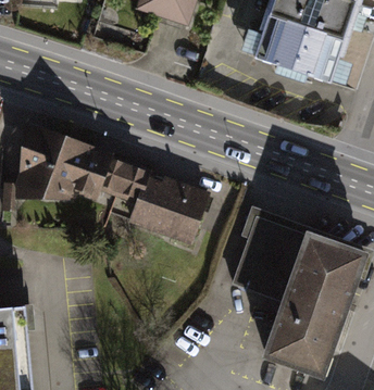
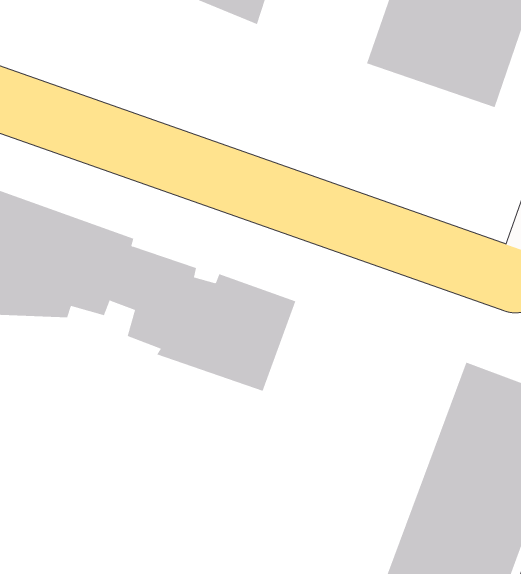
building: [232,205,311,303] -> none

